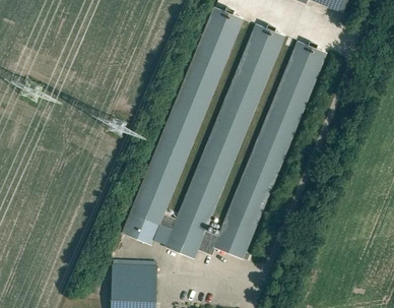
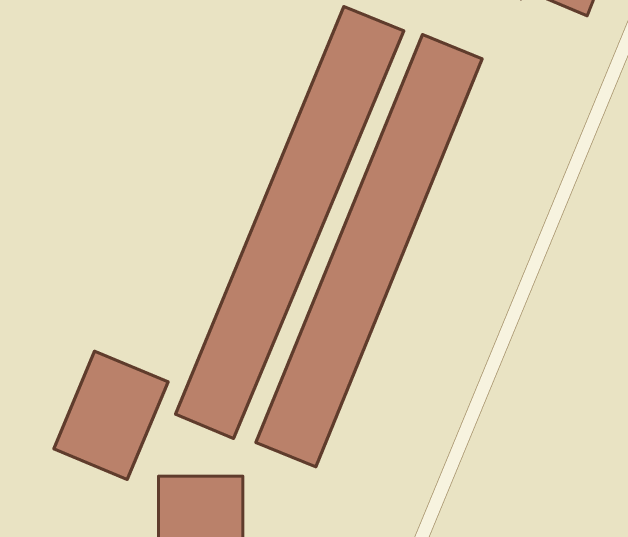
building: [212,41,327,260] -> none
building: none -> [54,351,168,479]

